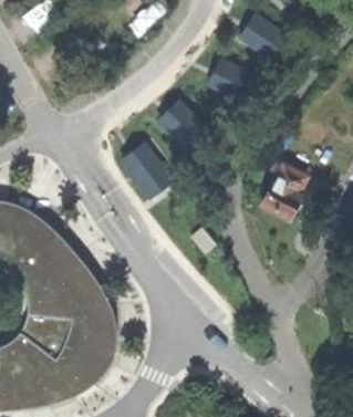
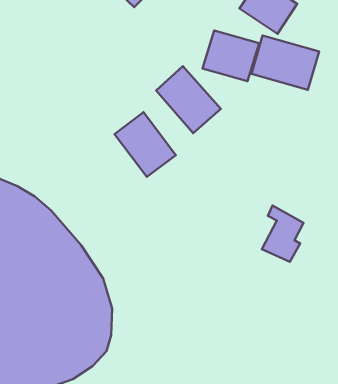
building: none -> [251,36,319,90]
building: [262,164,302,218] -> [262,205,304,262]

